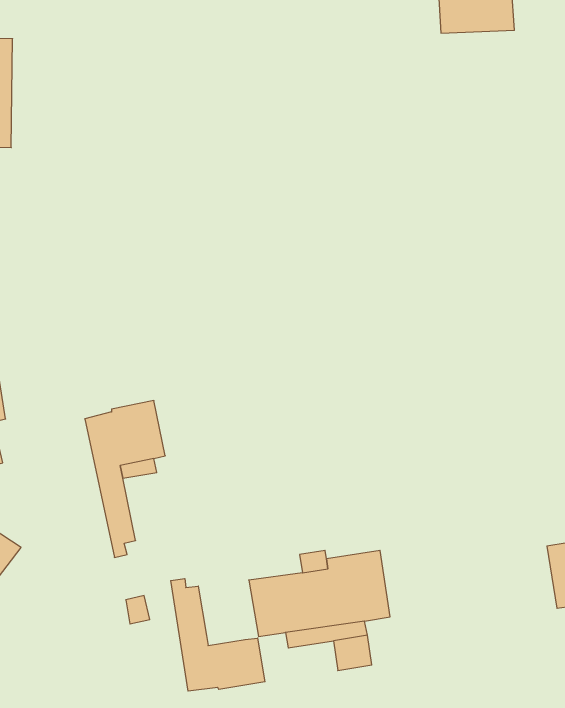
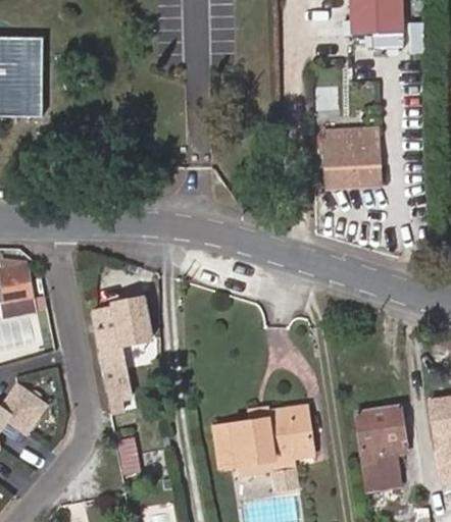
building: none -> [322,127,378,188]
building: none -> [355,404,406,487]
building: [171,579,265,691] -> none

